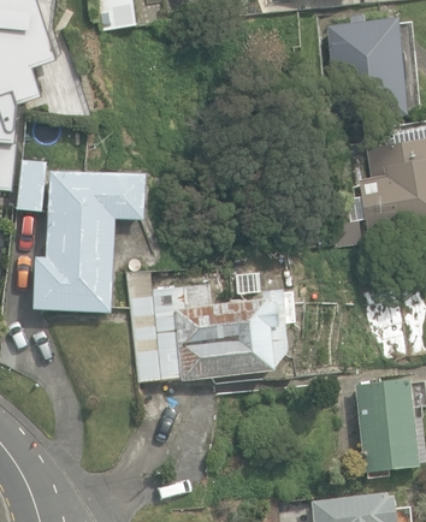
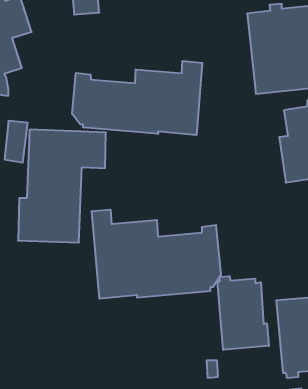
building: none -> [72,61,202,135]
building: none -> [218,276,269,350]

